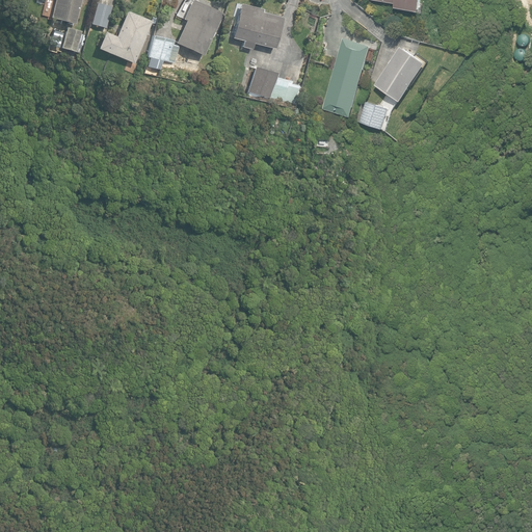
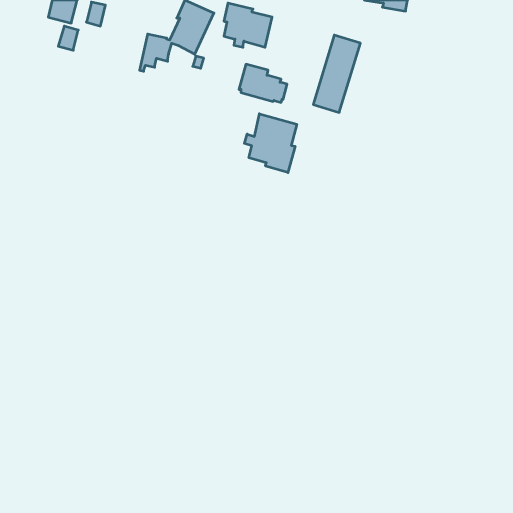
building: [98,11,151,63] -> none
building: [377,47,427,101] -> none
building: [361,101,390,129] -> none
building: none -> [244,114,297,173]

